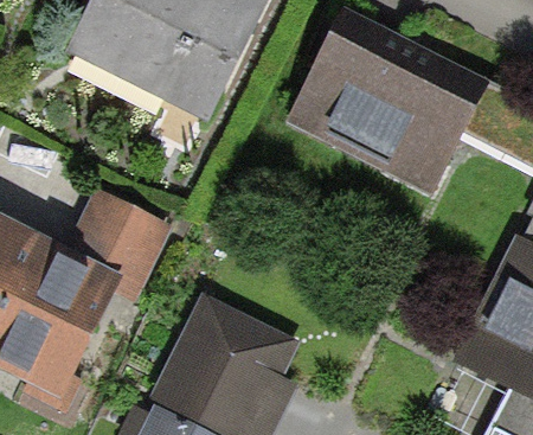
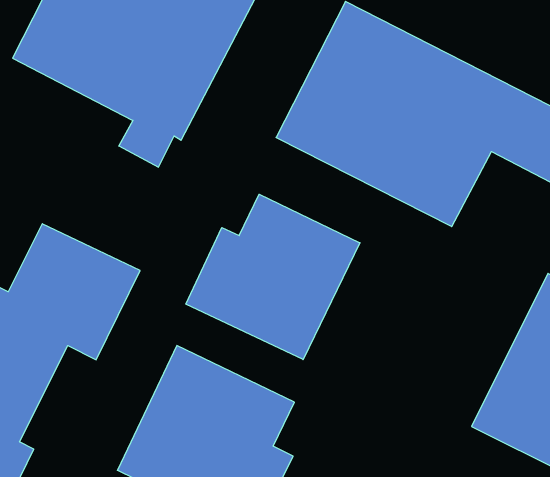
building: none -> [186,194,360,360]

